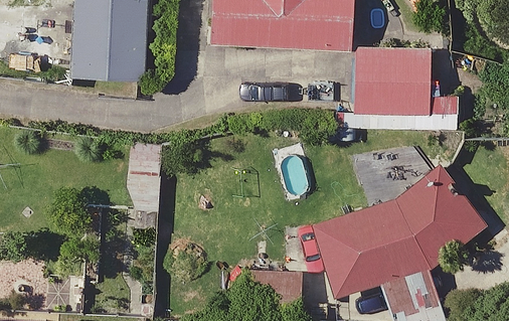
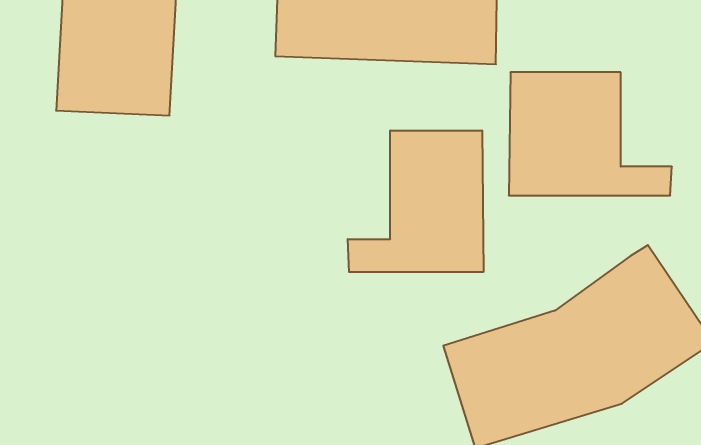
building: none -> [348,130,483,272]

